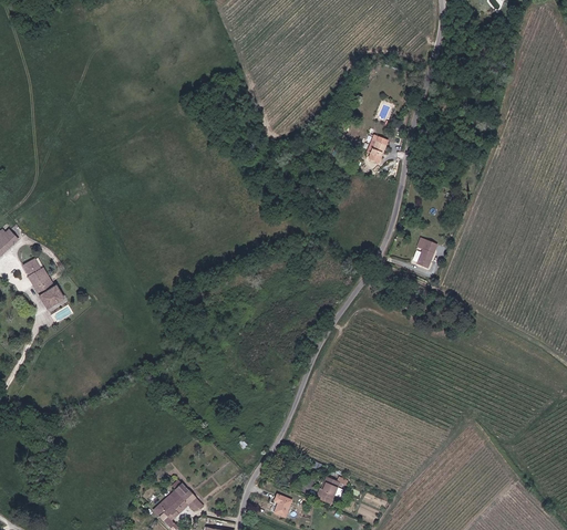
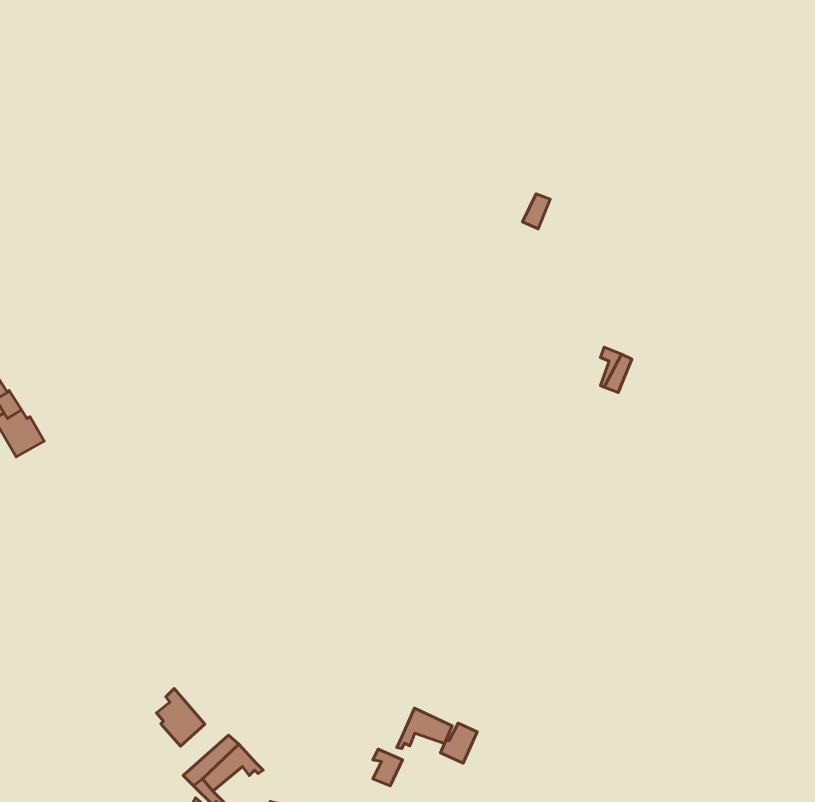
building: none -> [157,688,205,746]
building: none -> [397,708,452,748]

